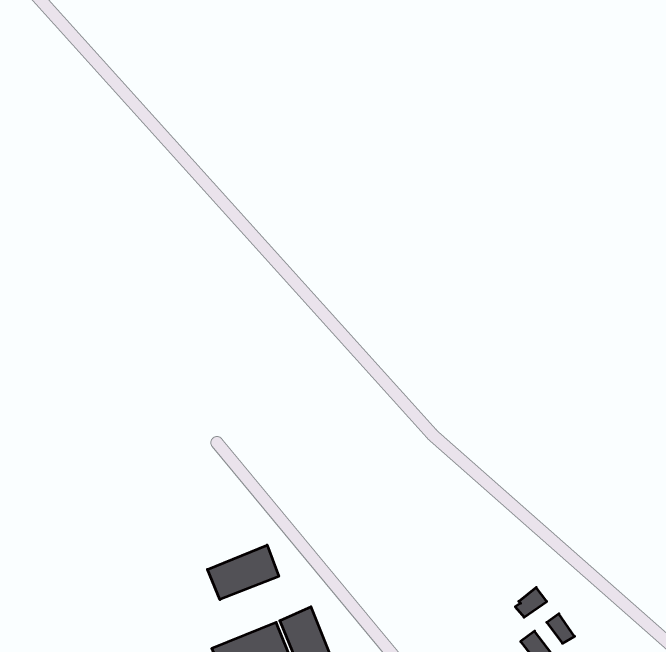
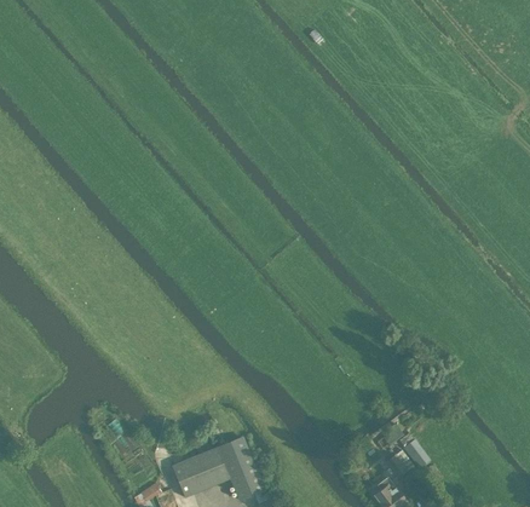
building: [207,545,279,600] -> none

